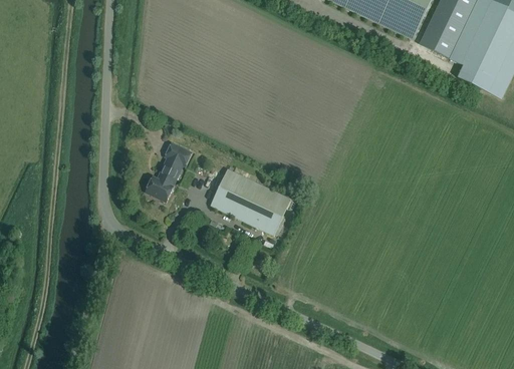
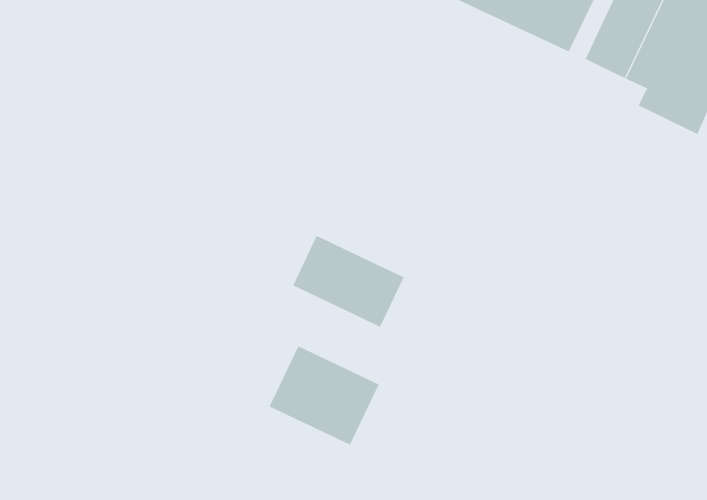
building: [146,143,192,203] -> none
building: none -> [269,346,380,445]

